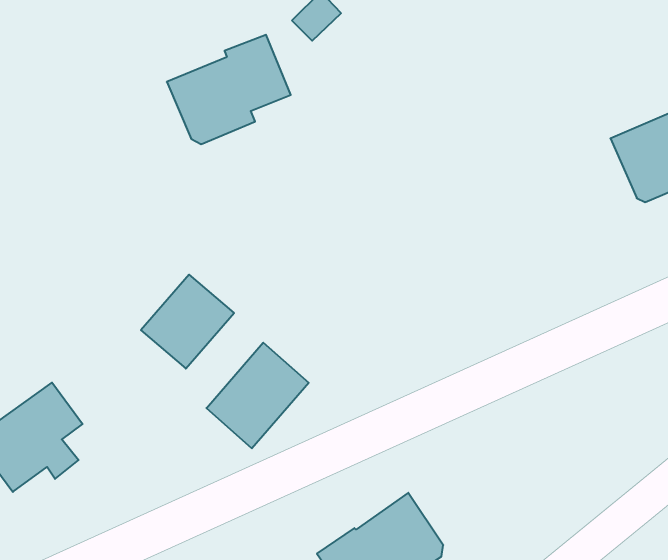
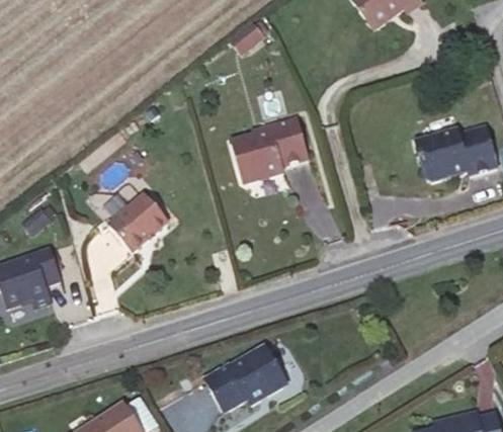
building: [167,35,291,144] -> [231,117,308,181]
building: [206,343,309,448] -> none

